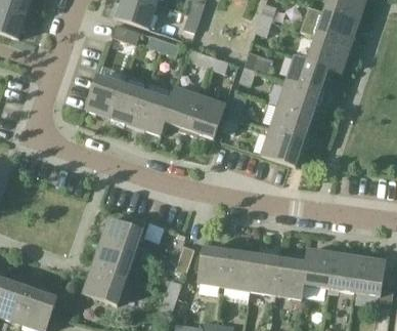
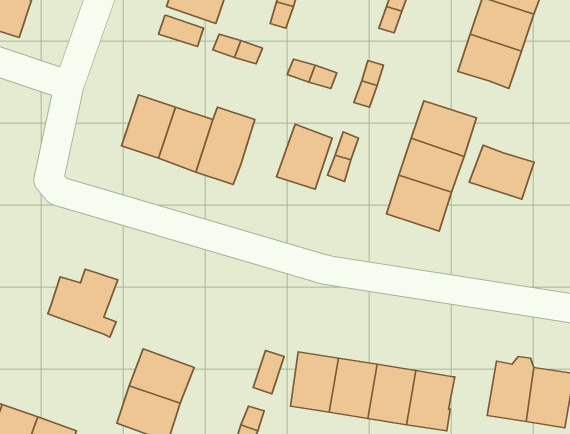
building: [285,55,328,91] -> [469,145,534,199]
building: [165,87,201,130] -> none
building: [100,214,146,259] -> [48,269,118,337]
building: [302,248,334,288] -> none

